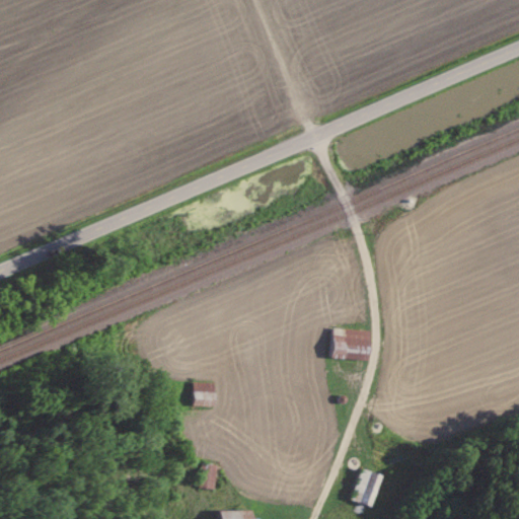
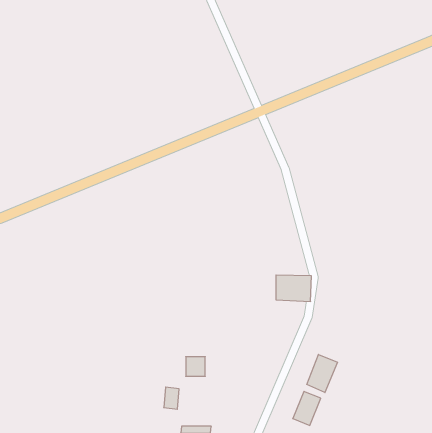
building: [190,382,213,405] -> [186,357,205,376]
building: none -> [307,354,338,393]

